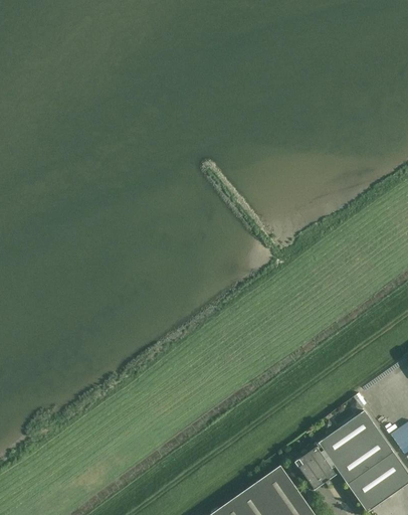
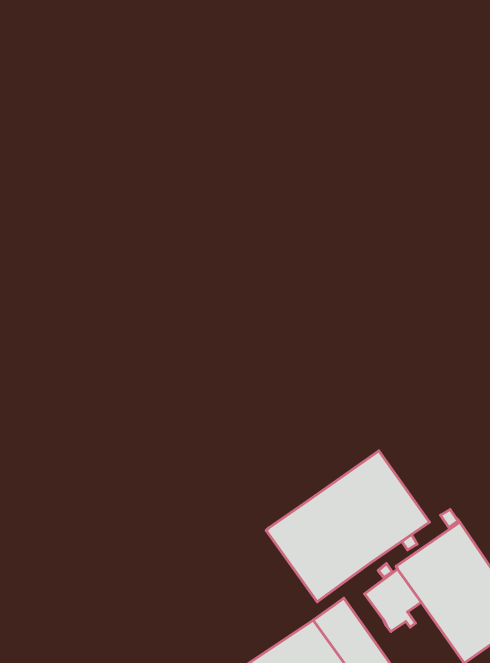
building: none -> [266,451,430,602]

